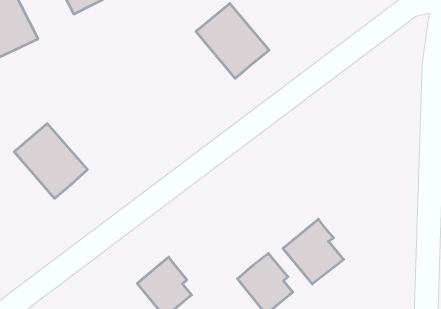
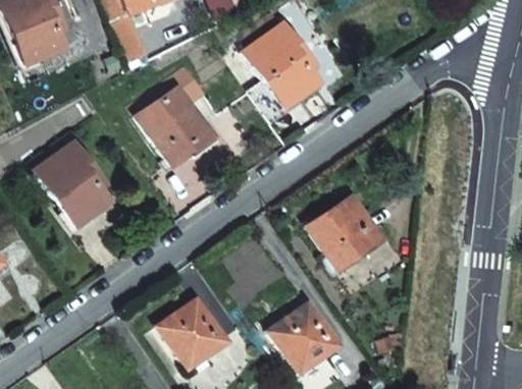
building: none -> [141,90,213,165]
building: [283,219,344,284] -> [310,197,376,268]

